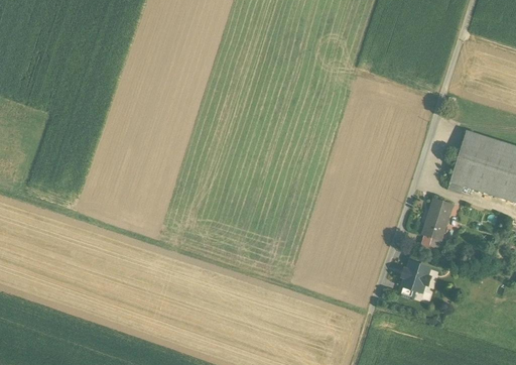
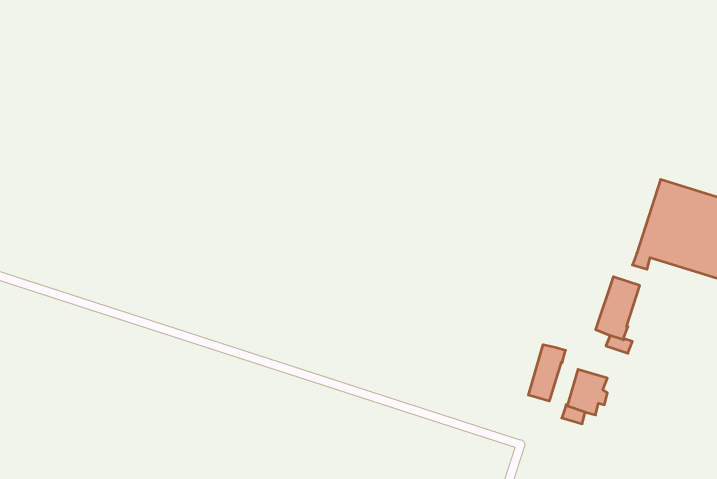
building: none -> [528,345,566,401]

